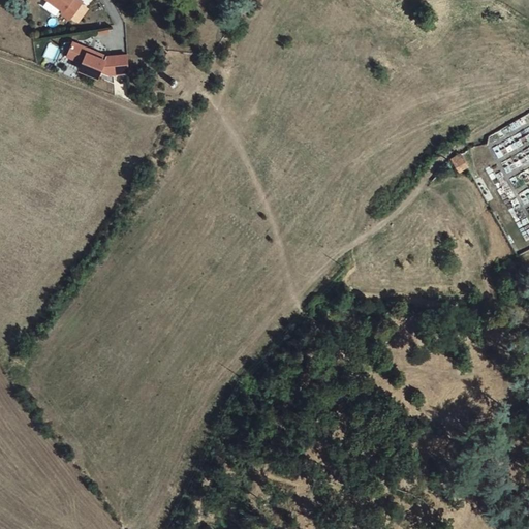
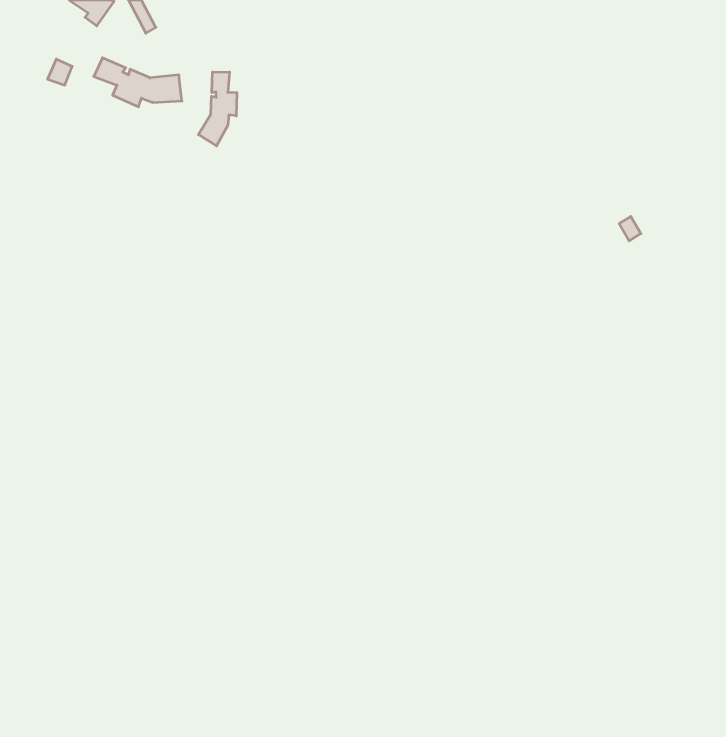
building: none -> [198,72,237,146]

